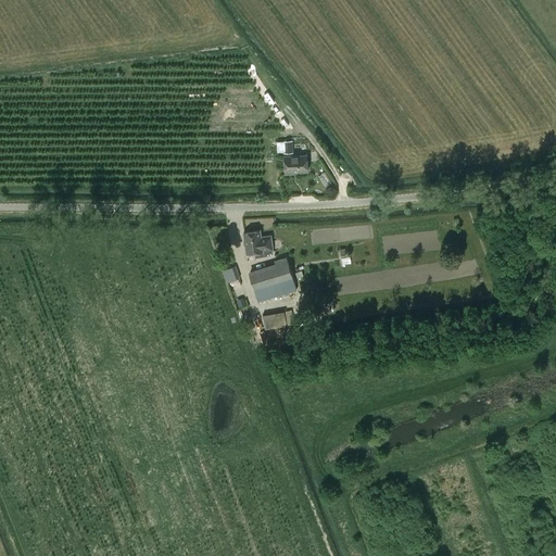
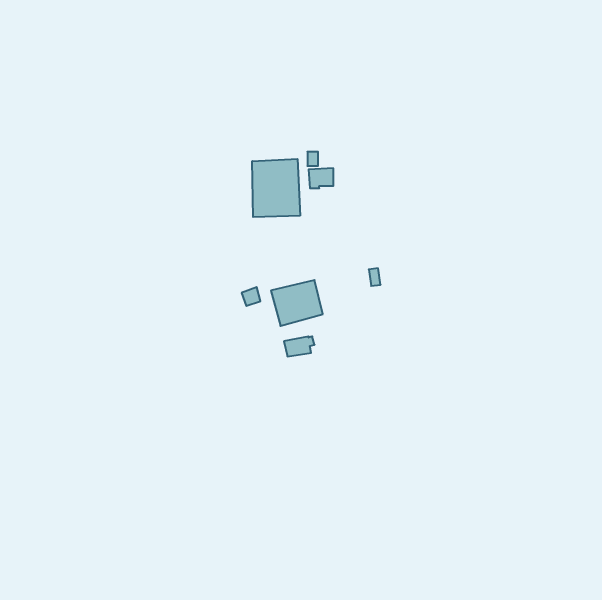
building: none -> [252,159,300,217]
building: [243,232,273,256] -> none

